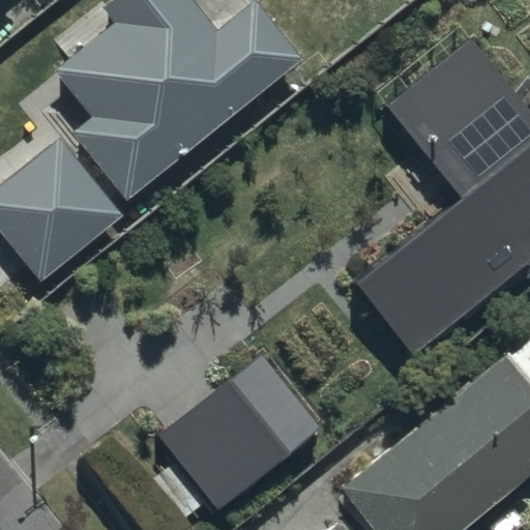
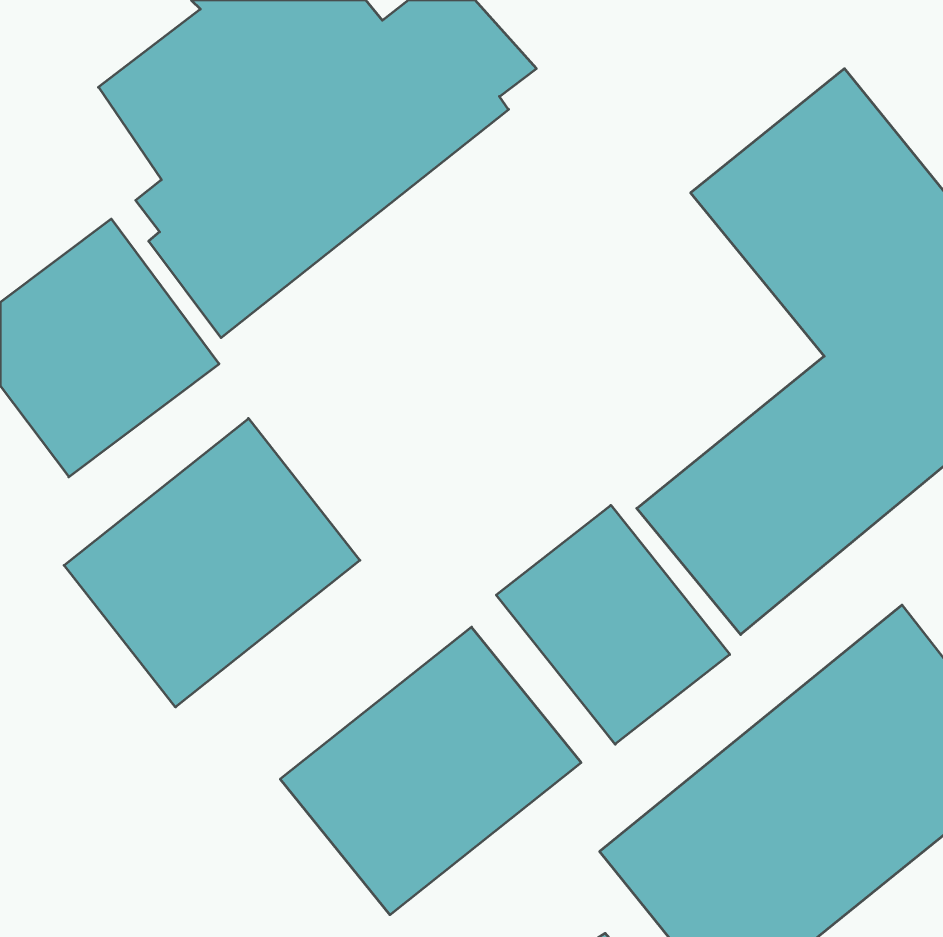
building: none -> [64,418,360,707]
building: none -> [496,505,730,744]

